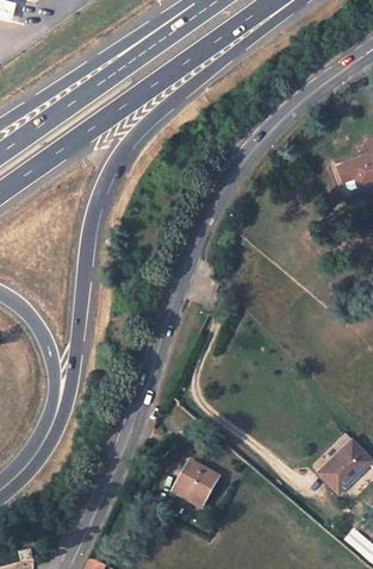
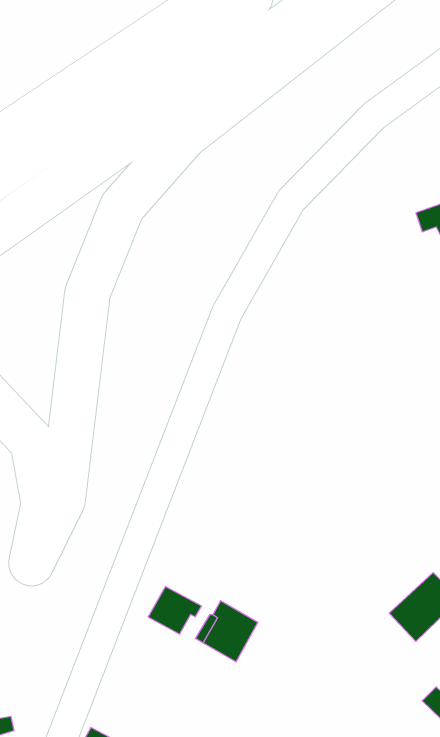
building: none -> [148,586,201,634]

